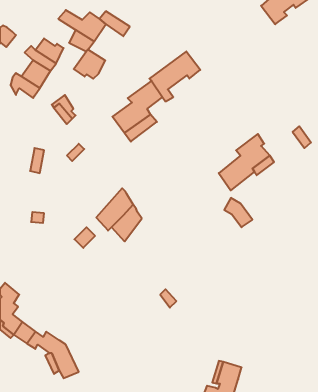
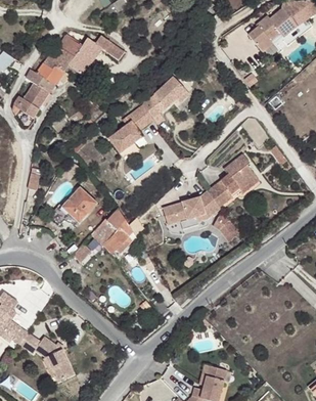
building: [74,49,105,79] -> [42,44,72,72]
building: none -> [57,185,97,219]
building: none -> [163,189,219,220]

